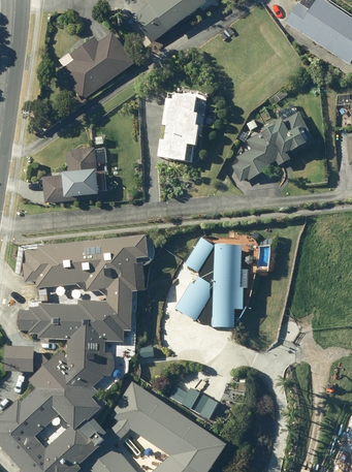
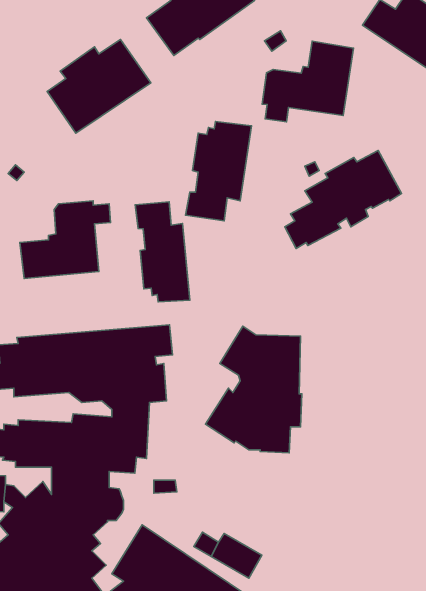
building: none -> [262,41,354,122]
building: none -> [135,202,190,302]

